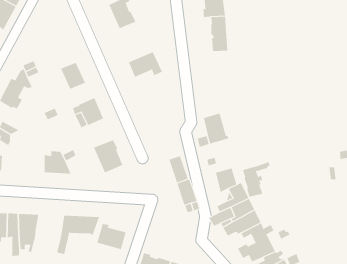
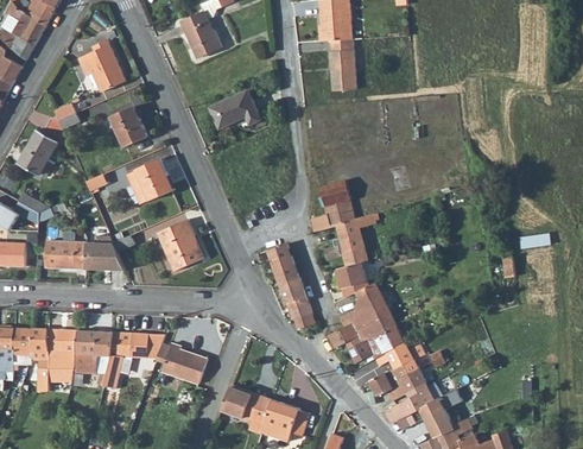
building: none -> [75,39,121,91]
building: none -> [45,241,85,268]
building: [242,162,271,197] -> [336,213,378,265]
building: none -> [71,330,114,374]

